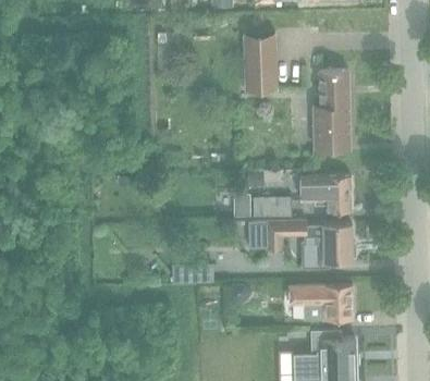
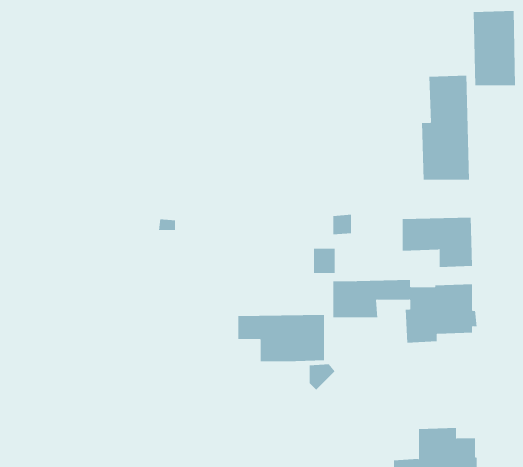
building: [244,34,275,89] -> [473,10,516,86]
building: [253,197,291,217] -> none
building: [288,285,353,320] -> [237,314,325,362]

